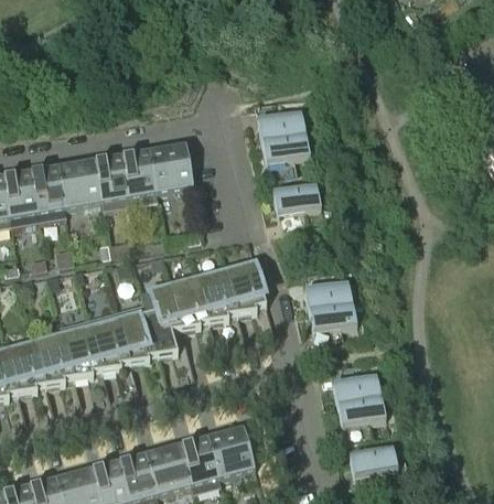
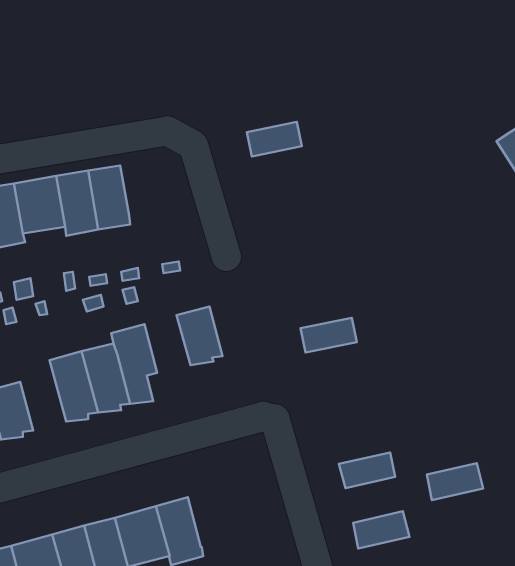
building: [261,131,309,162] -> none
building: [148,141,192,191] -> none
building: [272,182,320,214] -> none
building: [225,261,266,312] -> none
building: [169,277,208,326] -> none
building: [308,300,356,331] -> none
building: [58,315,101,376] -> none
building: [332,373,380,405] -> [427,463,483,500]
building: [206,423,254,476] -> none

